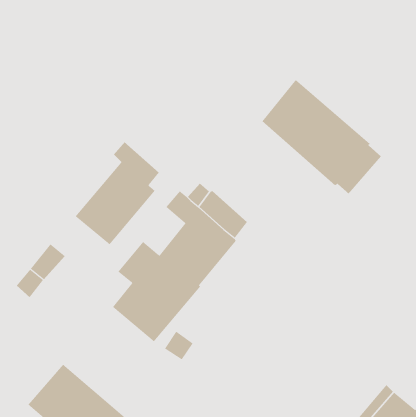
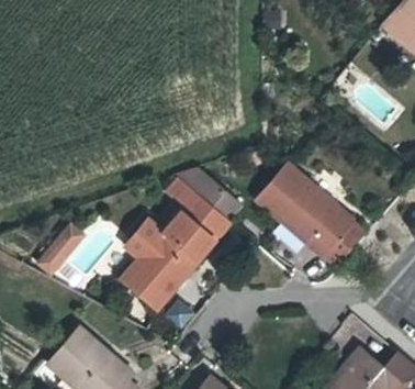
building: [261,79,382,195] -> [257,164,361,264]
building: [75,142,160,245] -> none

